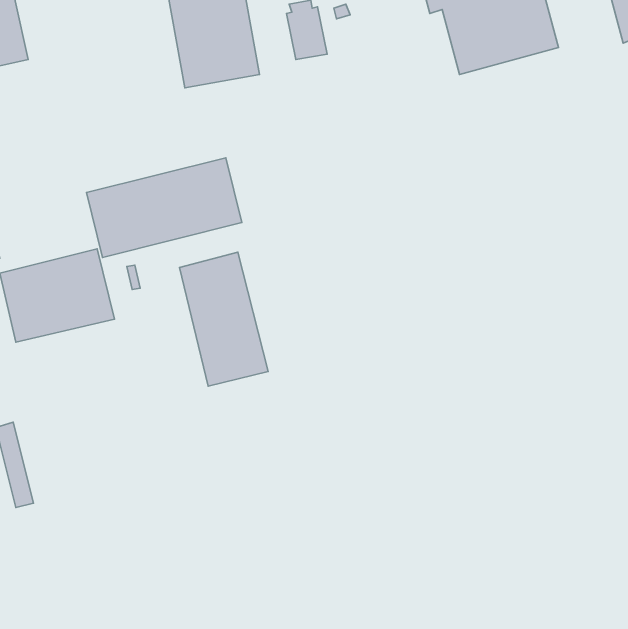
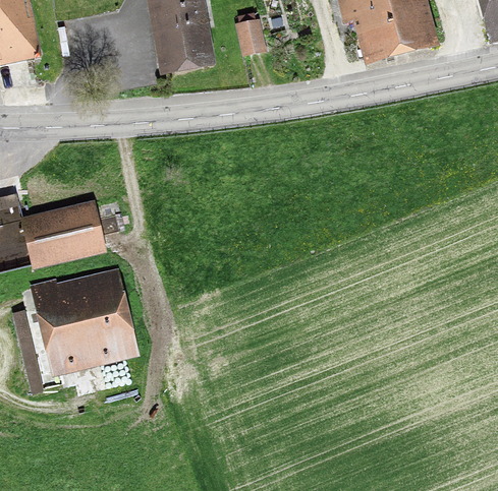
building: [86,158,242,257] -> none
building: [180,252,268,386] -> none
building: none -> [30,266,140,375]

